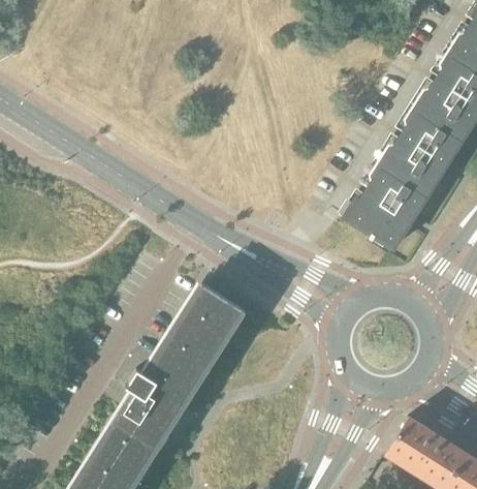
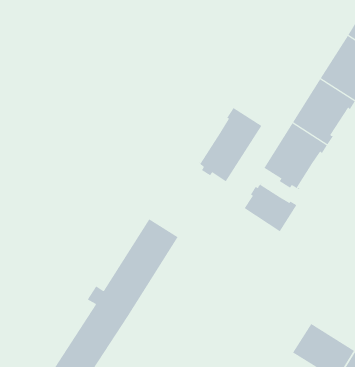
building: none -> [198,107,262,182]
building: none -> [244,182,297,232]

